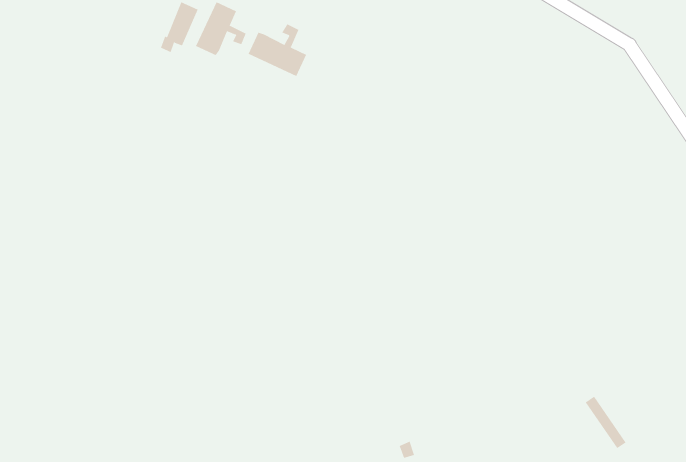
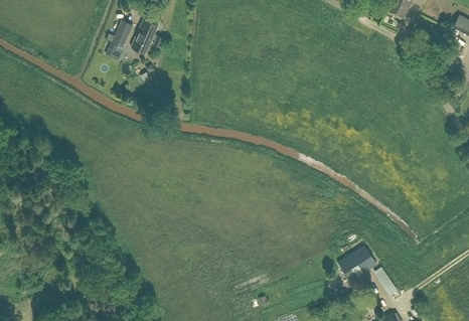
building: [248,24,307,77] -> none
building: none -> [337,247,375,282]

